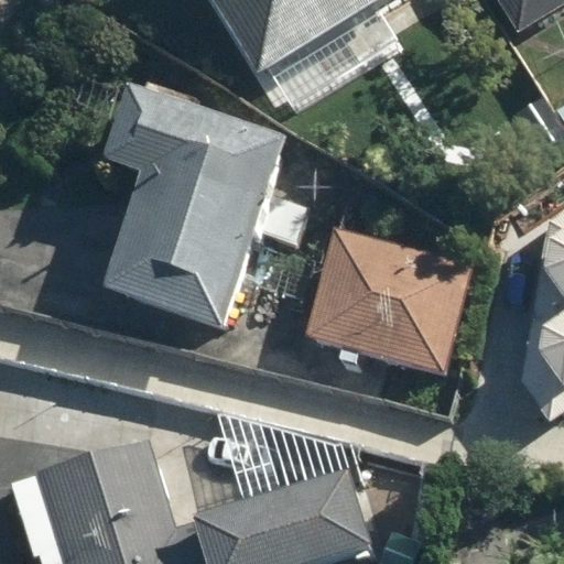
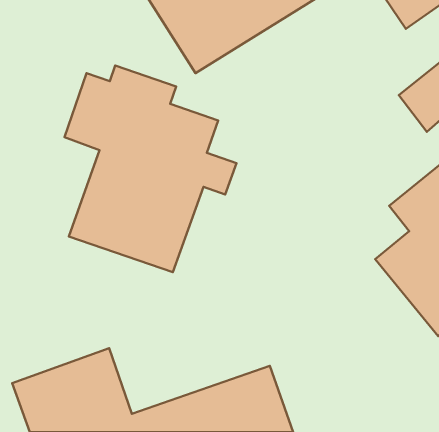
building: [308,227,478,373] -> none

